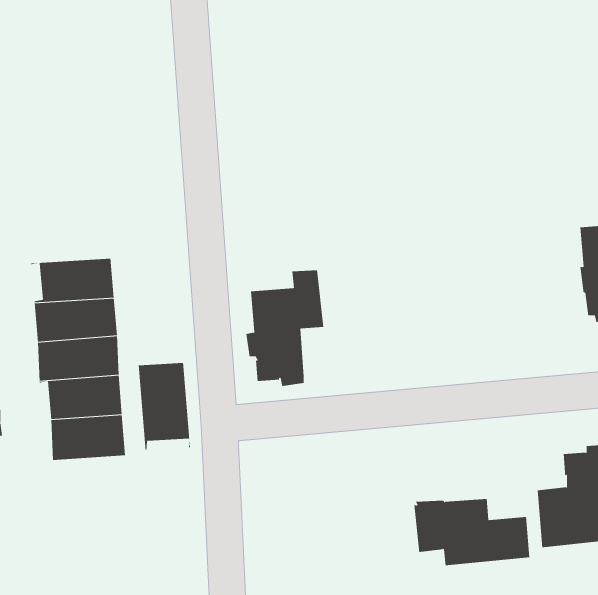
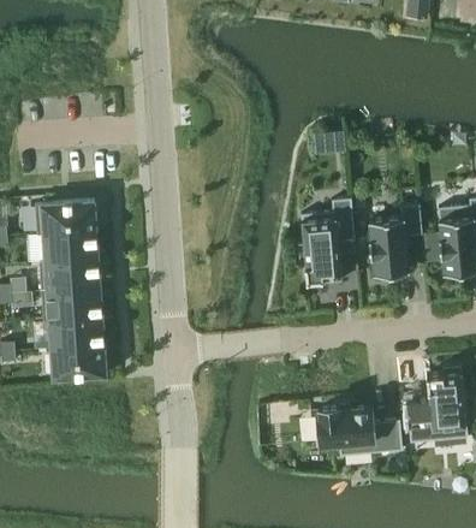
building: none -> [36,200,96,235]
building: none -> [369,204,422,279]
building: [245,270,324,386] -> [298,198,356,284]
building: [138,362,190,451] -> none

